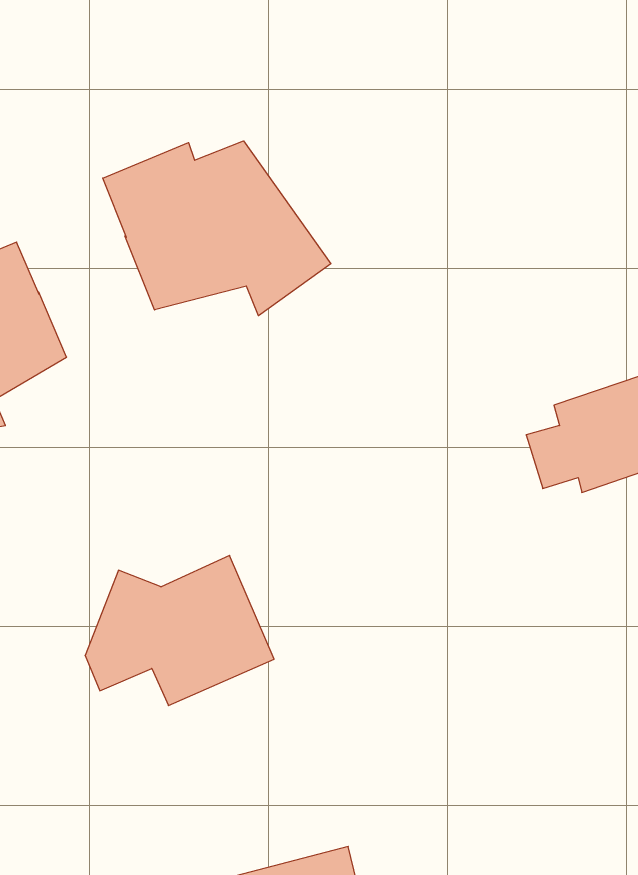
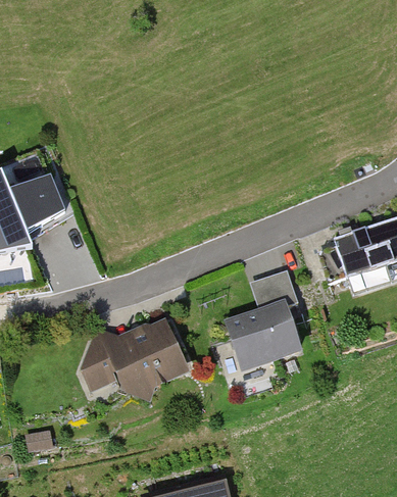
building: [103,141,331,316] -> none
building: none -> [229,269,300,367]

